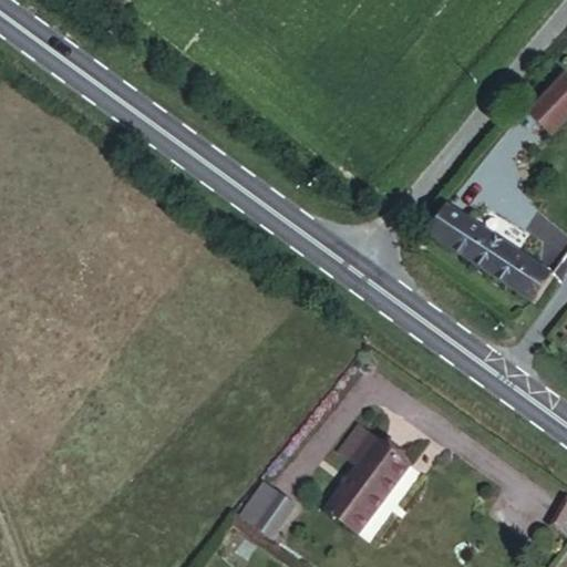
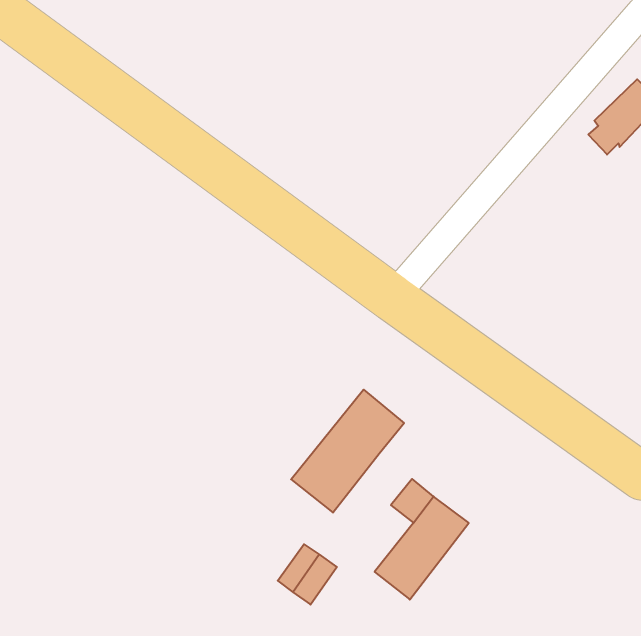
building: [414,197,544,298] -> none
building: none -> [291,390,404,513]

